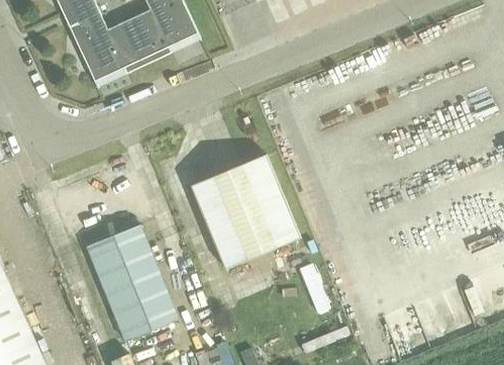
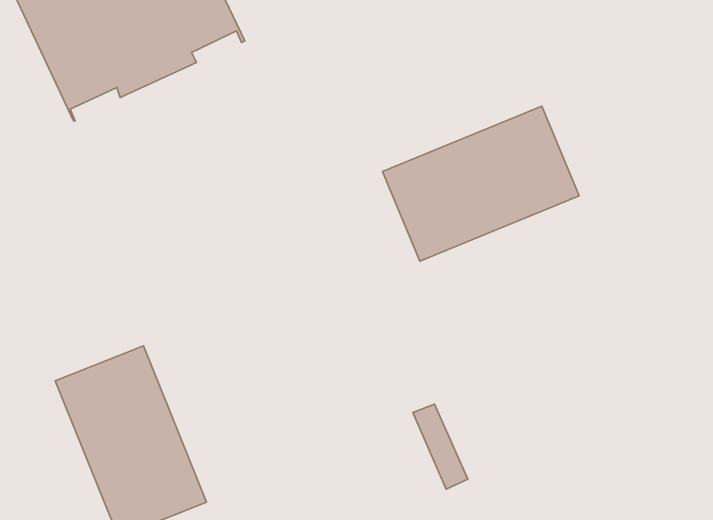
building: none -> [382,106,579,261]
building: [190,155,300,269] -> none

